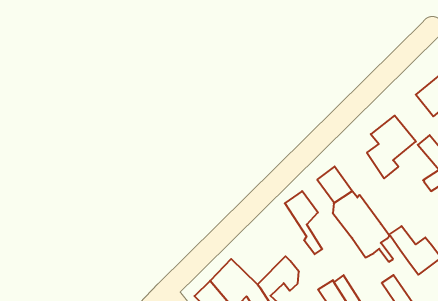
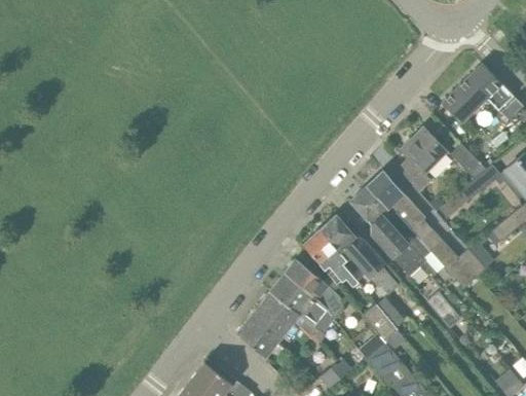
building: none -> [367,170,431,240]
building: none -> [303,228,359,286]
building: none -> [344,235,399,294]
building: none -> [270,258,326,315]

